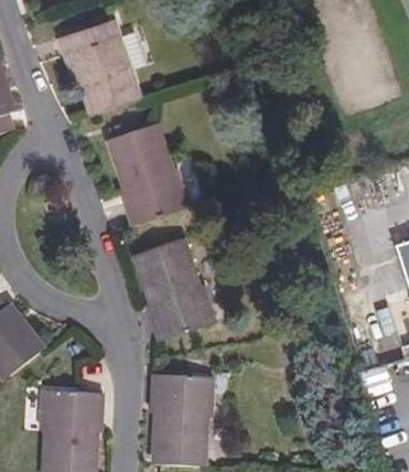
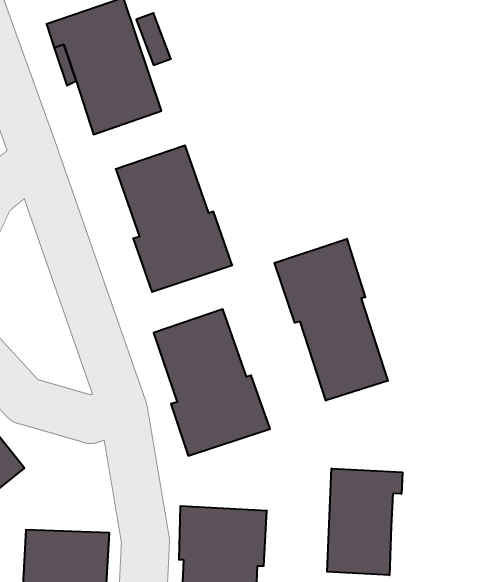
building: none -> [275,239,388,401]
building: none -> [327,468,402,575]

